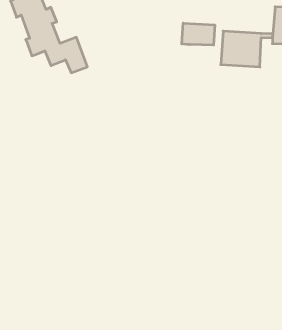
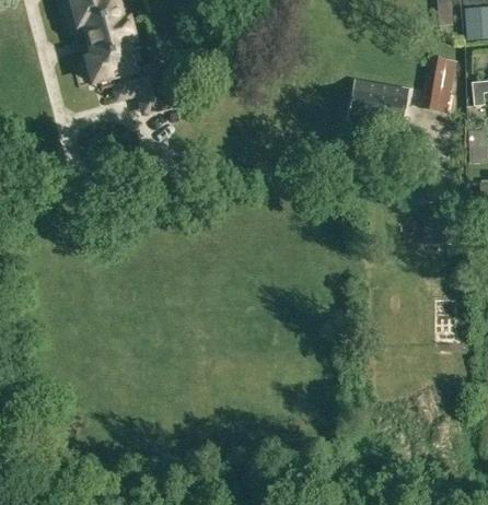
building: [182,23,215,45] -> none

